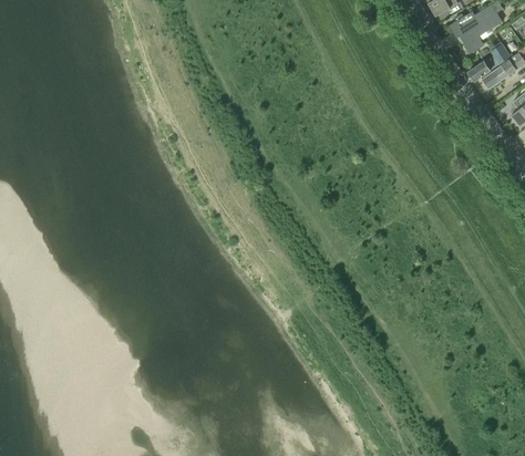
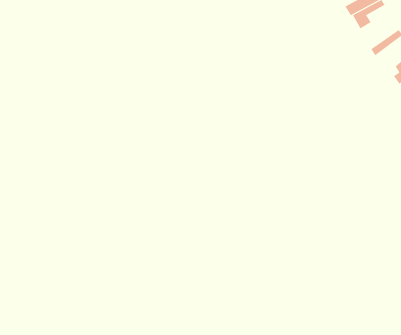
building: [467,44,514,82] -> none

